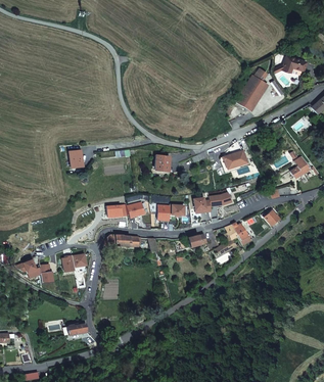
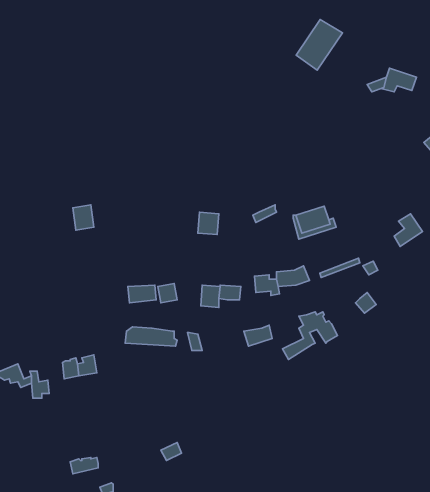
building: [236,77,268,111] -> [296,19,342,70]

